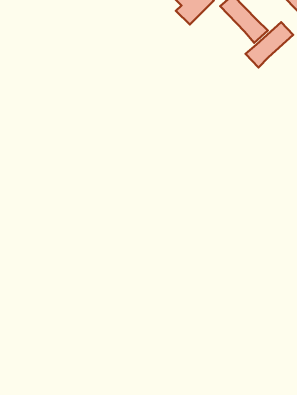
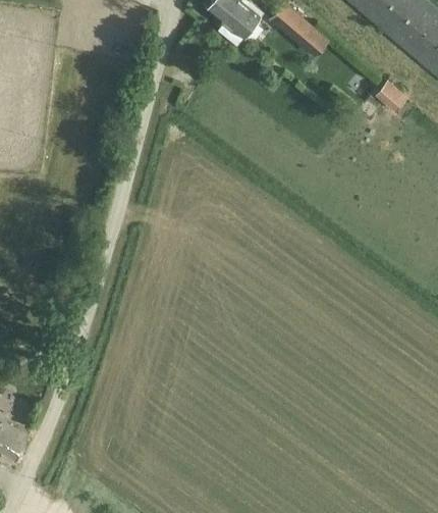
building: [246,22,293,67] -> none

